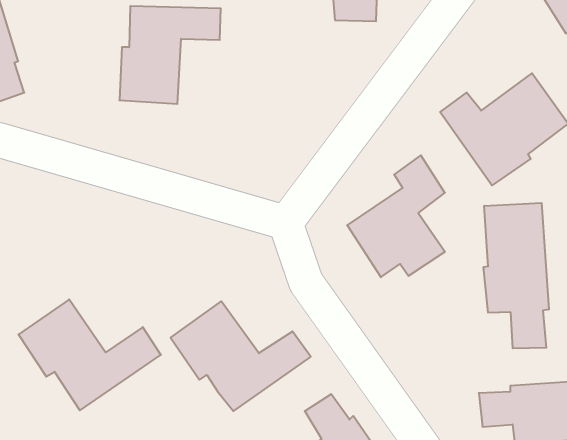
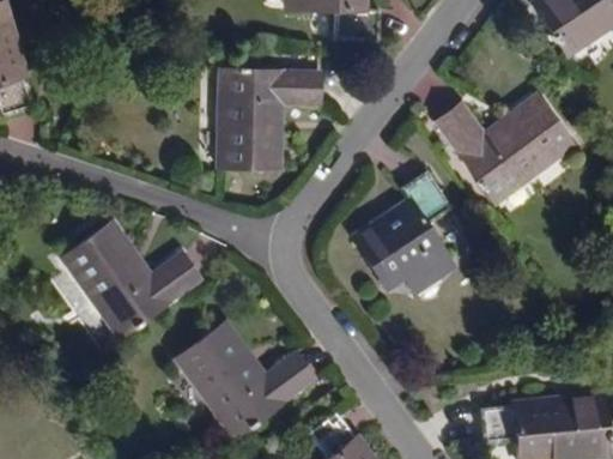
building: [119,6,221,104] -> [220,74,321,171]
building: [484,203,549,348] -> none
building: [18,299,161,410] -> [66,222,207,332]

